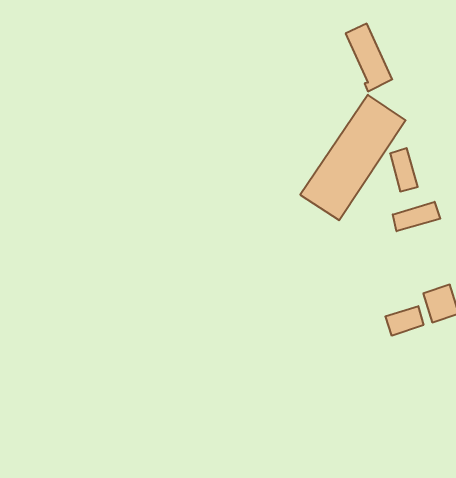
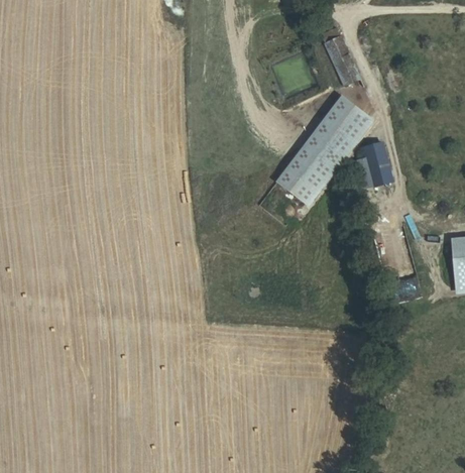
building: [393,202,440,231] -> none
building: [385,306,423,336] -> none

